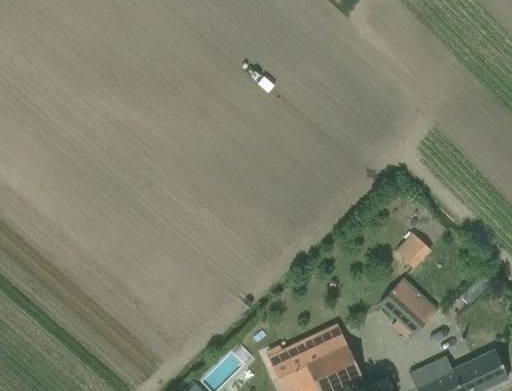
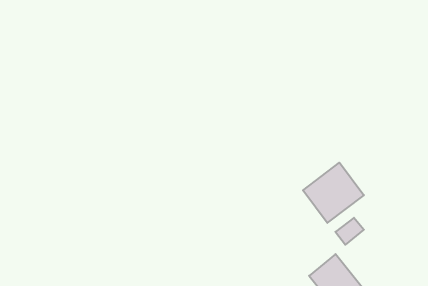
building: none -> [303,163,364,223]

